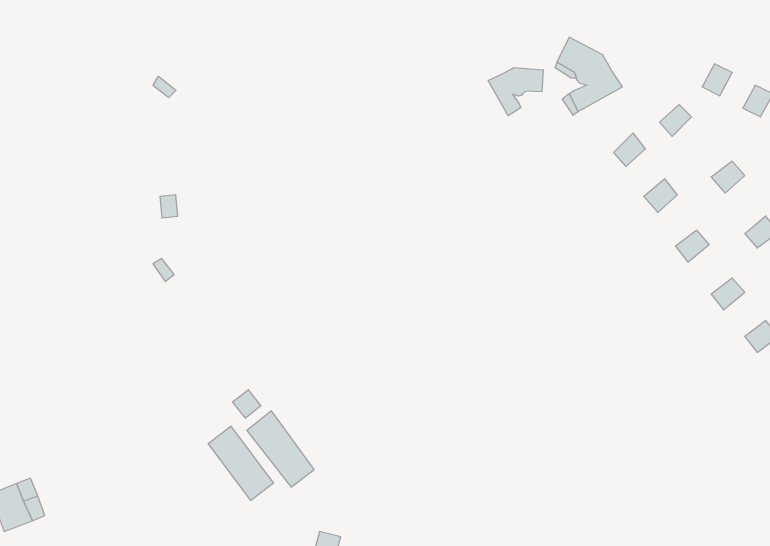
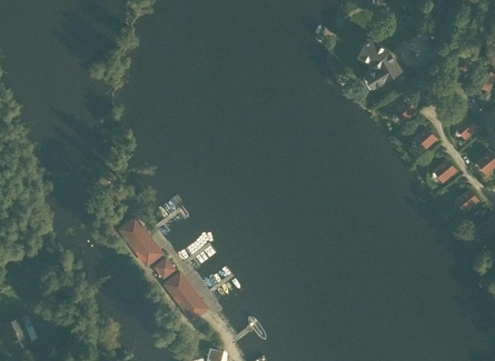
building: [488,67,543,116] -> none
building: [208,426,274,500] -> [120,219,161,265]

